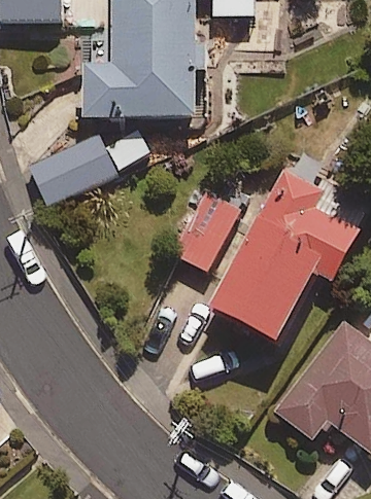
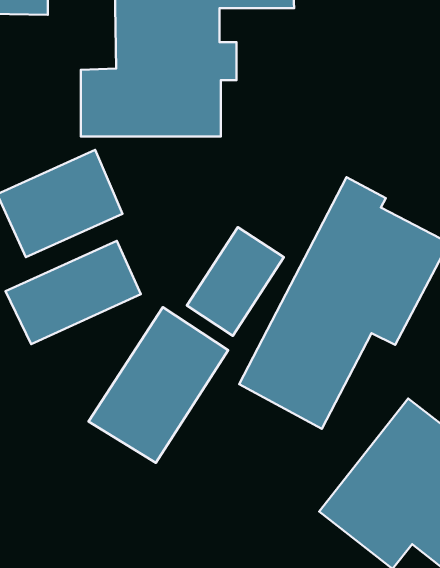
building: none -> [6,241,141,344]
building: none -> [89,307,228,463]

